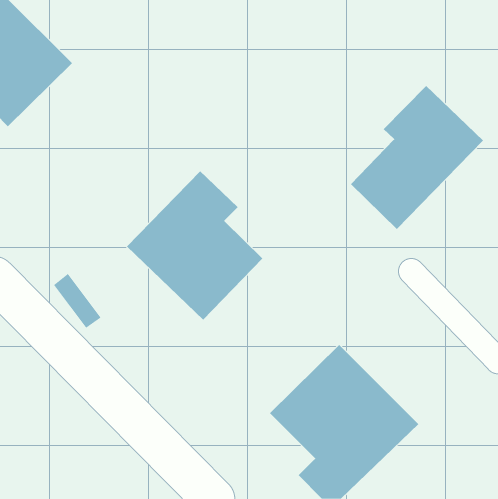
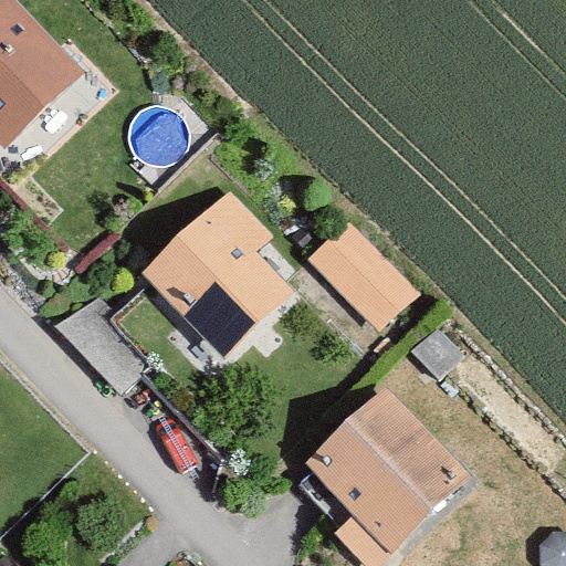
building: [350,85,484,230] -> none
building: none -> [304,216,415,324]

